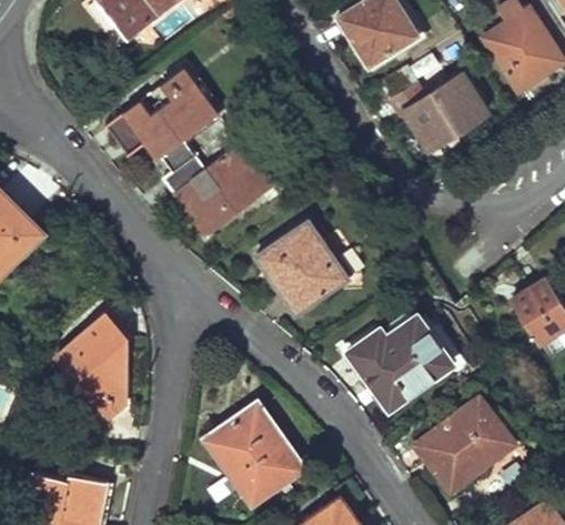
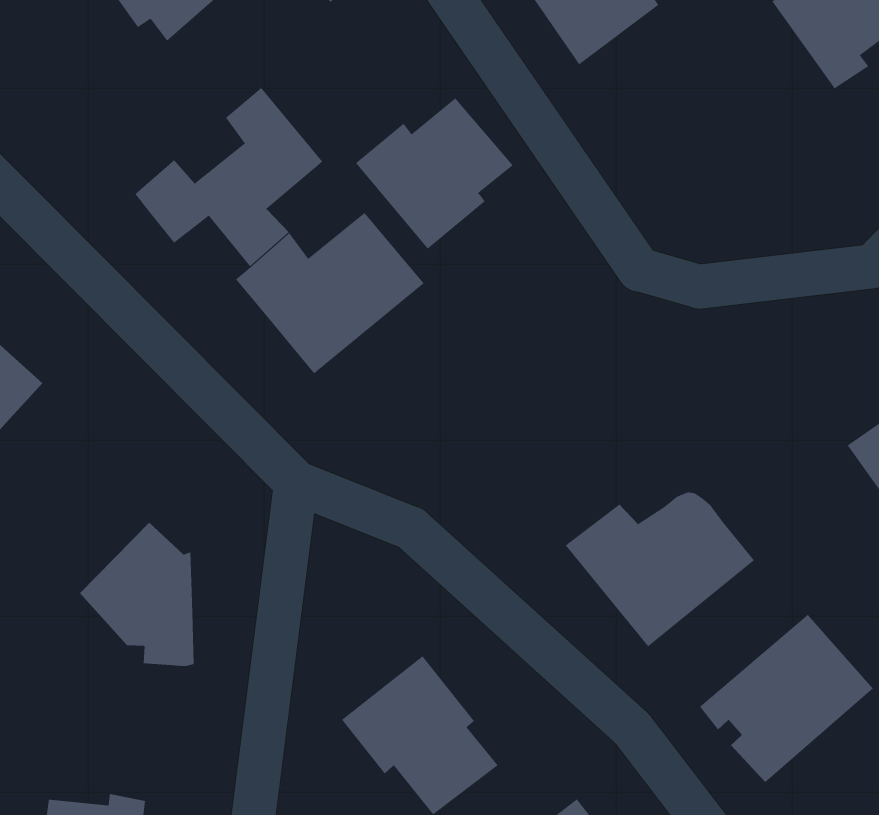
building: [381,68,487,145] -> none
building: none -> [355,98,513,249]
building: [258,222,342,312] -> none

